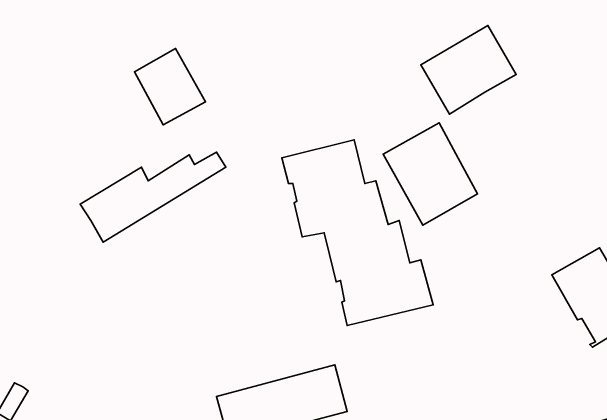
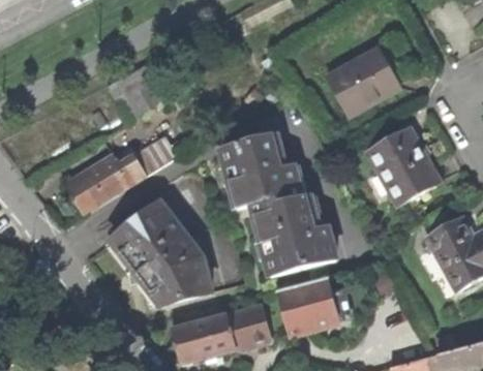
building: [383,123,477,225] -> [366,127,437,205]
building: none -> [113,203,212,304]
building: none -> [278,276,340,334]

